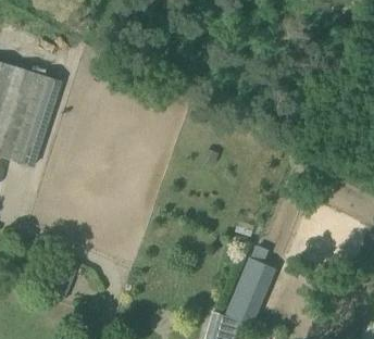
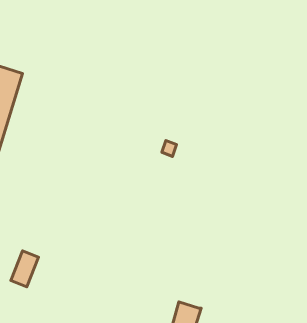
building: [226,259,267,322] -> none

